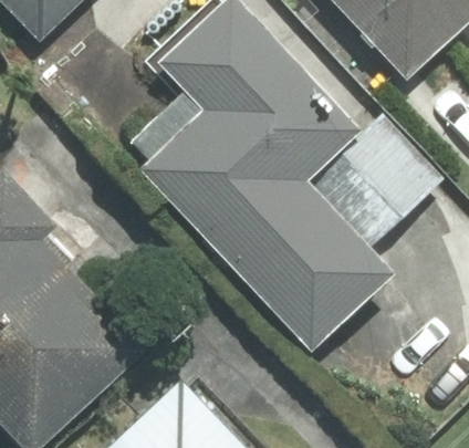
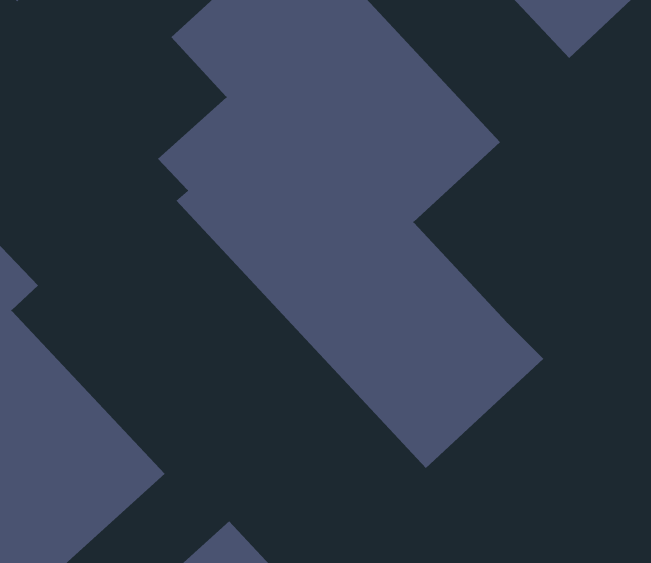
building: [304,113,444,251] -> none

